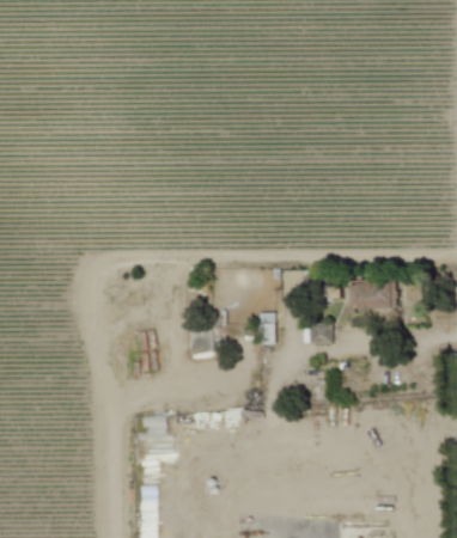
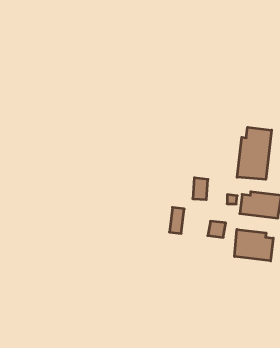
building: none -> [237,127,272,179]
building: none -> [235,229,273,261]

